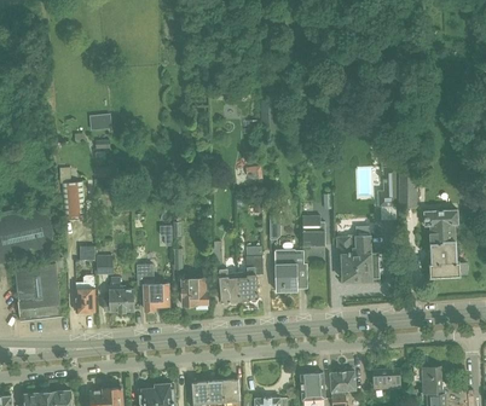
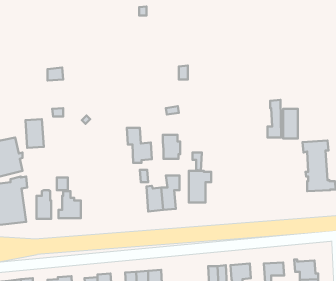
building: [301,214,324,245] -> [163,135,180,159]
building: [336,234,378,280] -> none
building: [135,263,168,309] -> [127,128,152,163]
building: [181,278,207,308] -> none

